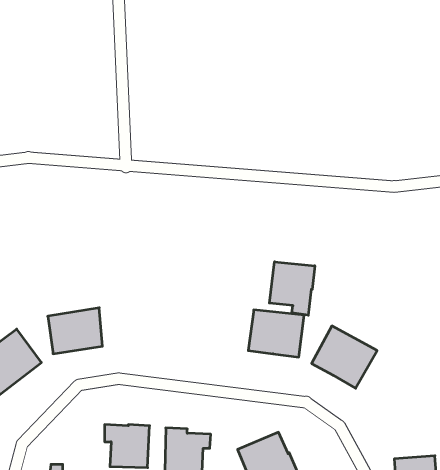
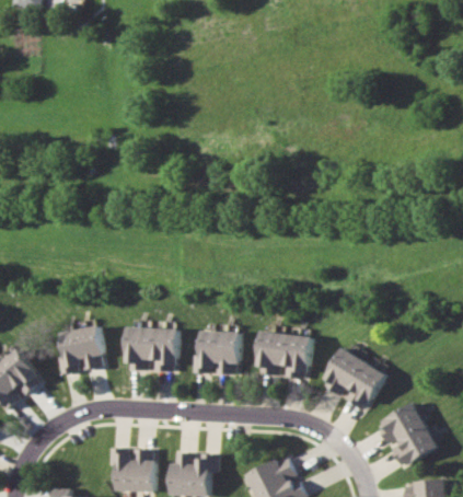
building: [269,262,315,315] -> none
building: none -> [120,326,183,370]
building: none -> [194,328,241,373]
building: none -> [379,401,440,467]

